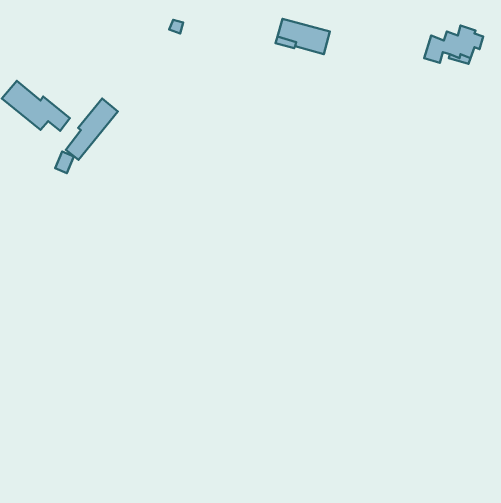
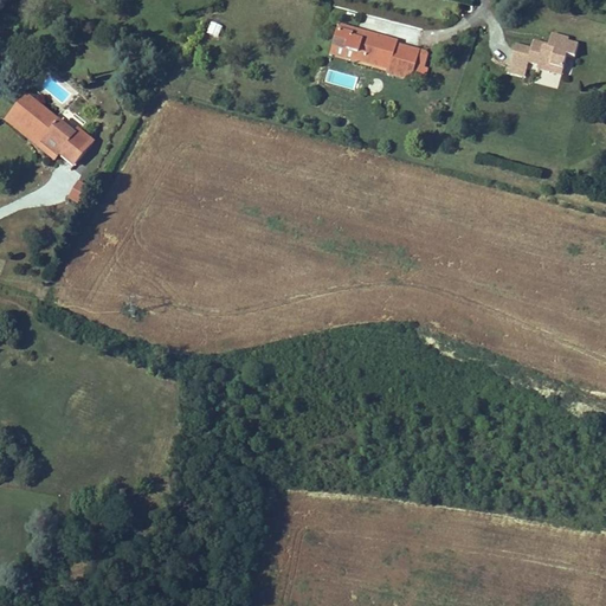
building: none -> [388,38,419,75]
building: [66,98,118,160] -> none

